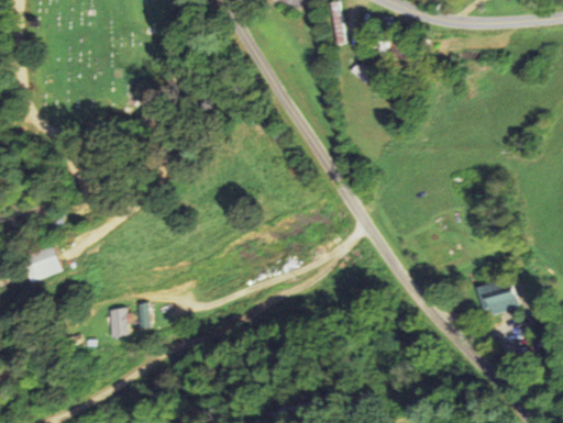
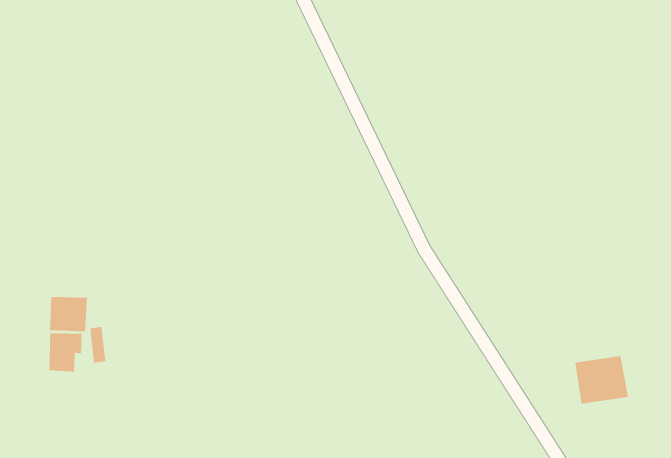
building: none -> [50,296,88,332]

